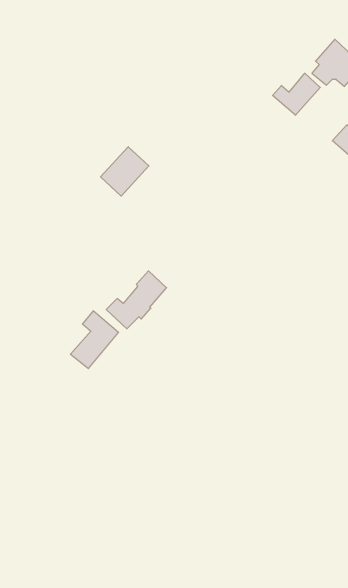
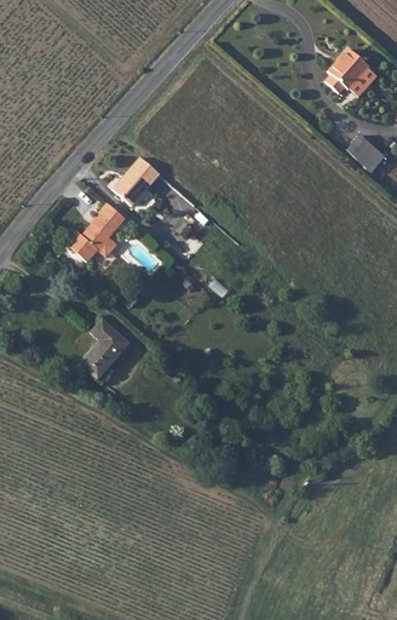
building: [273,73,320,115] -> none
building: [106,271,167,329] -> [64,205,125,263]

